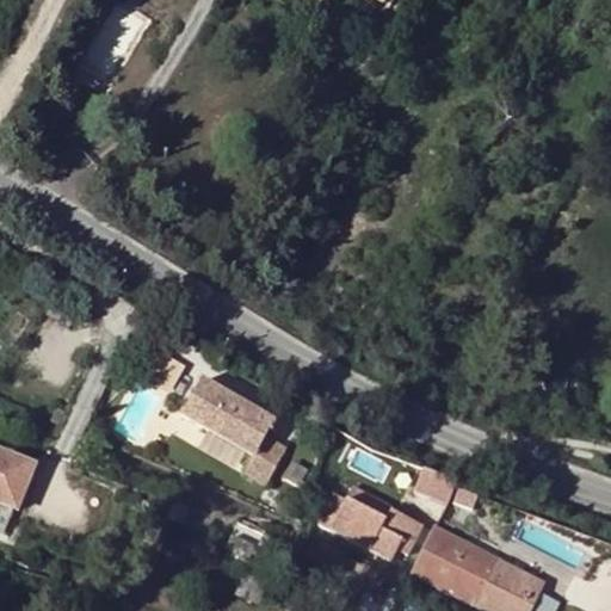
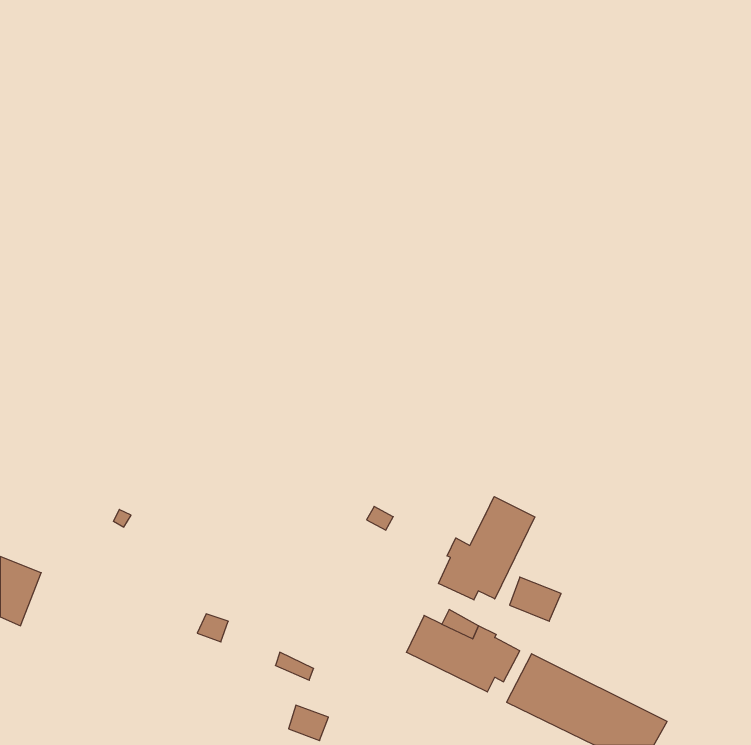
building: [179,376,285,481] -> none
building: none -> [439,497,535,600]

